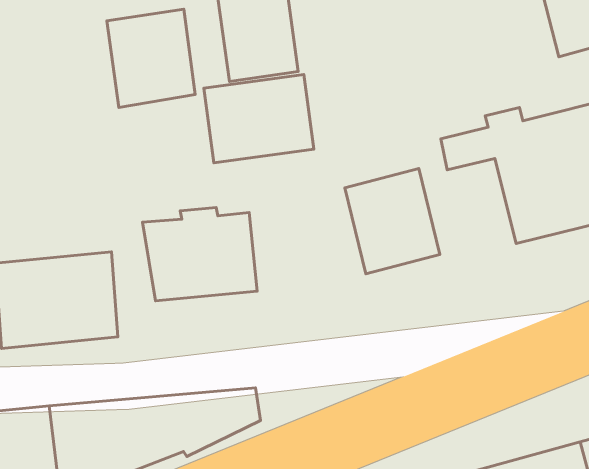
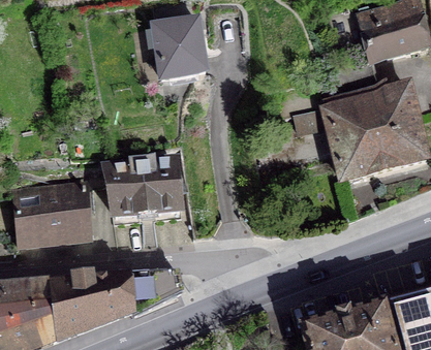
building: [107,9,195,108] -> none
building: [204,74,314,163] -> none
building: [345,168,440,274] -> none

